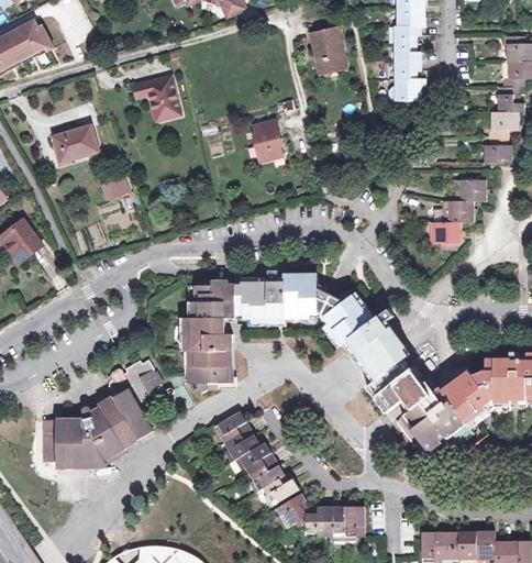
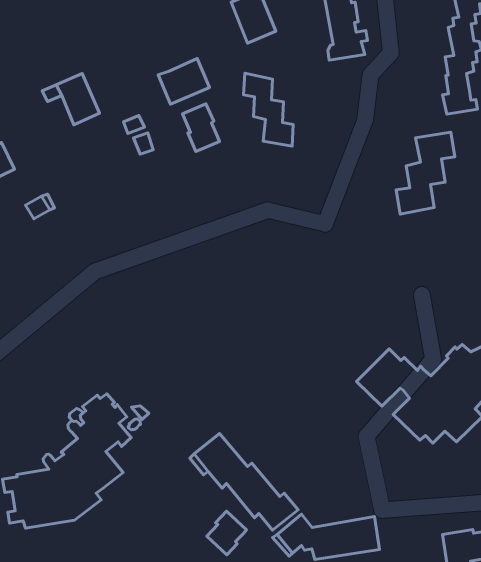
building: none -> [158,58,209,104]
building: none -> [244,73,293,146]
building: [185,271,408,393] -> none
building: none -> [207,511,246,555]

